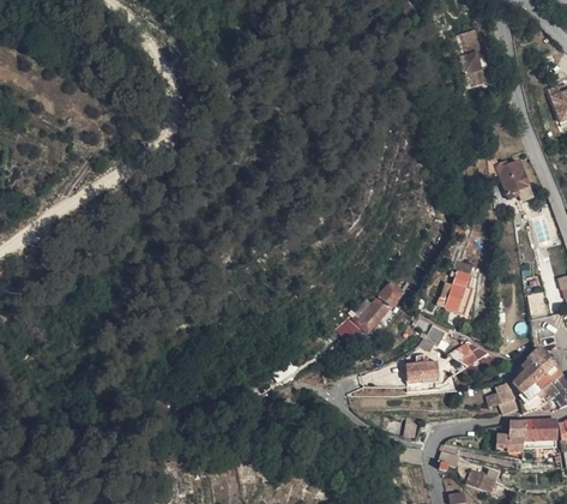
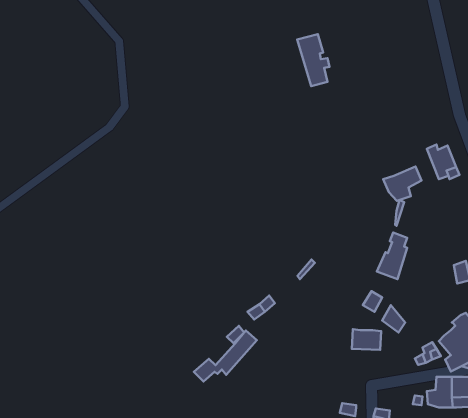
building: [452,30,488,88] -> [297,34,330,86]
building: none -> [383,166,422,201]
building: [338,283,408,340] -> [194,330,257,382]

